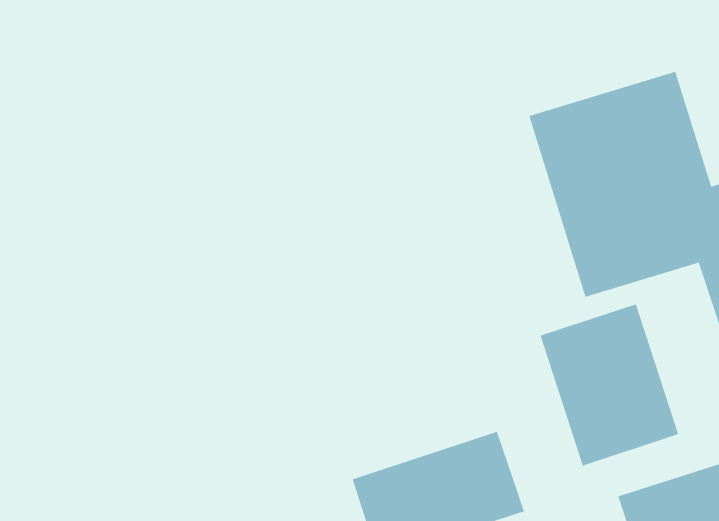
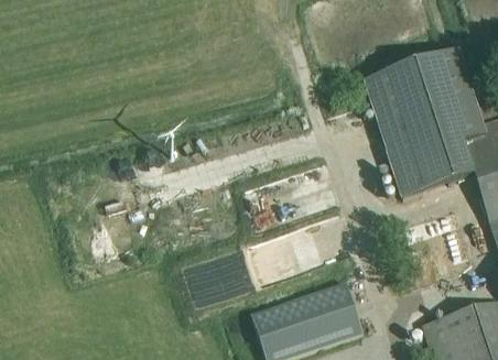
building: [540,303,679,466] -> none

